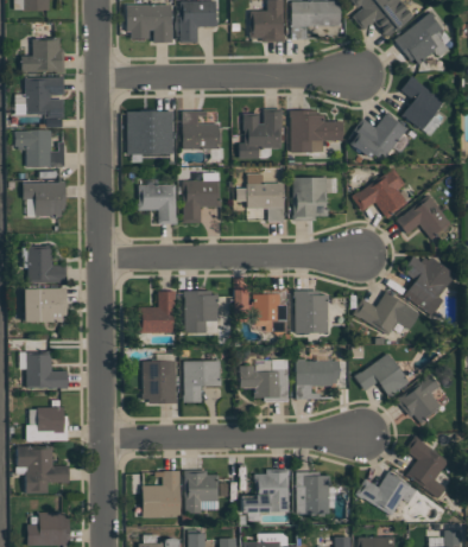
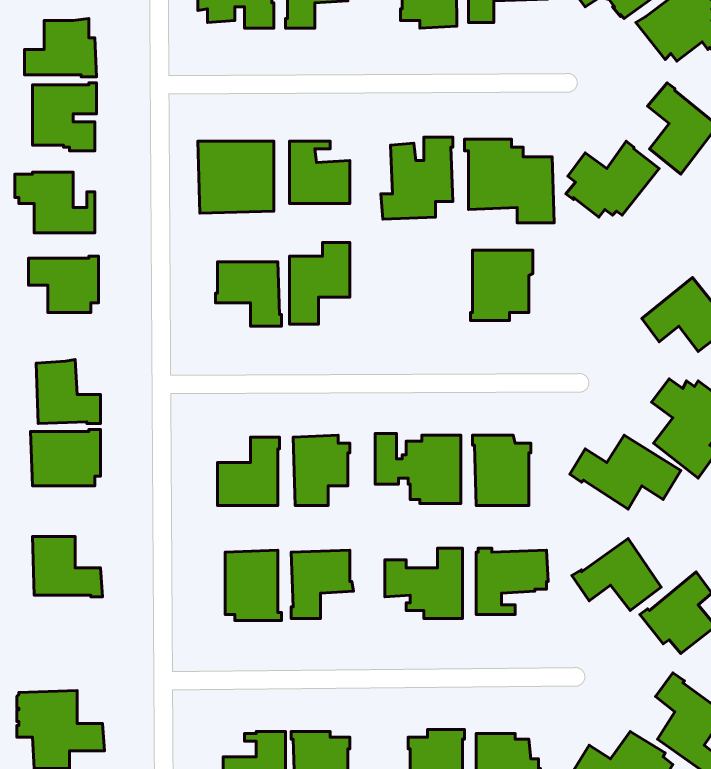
building: [352,168,407,220] -> none
building: [236,174,283,222] -> none
building: [25,407,68,443] -> none

